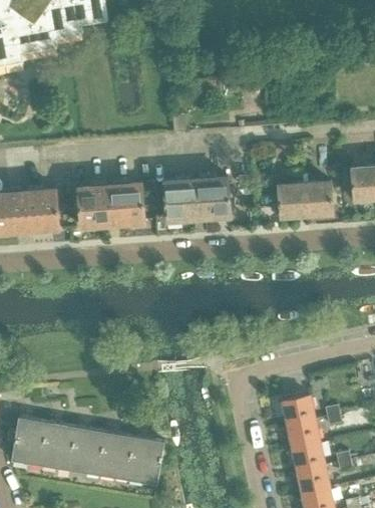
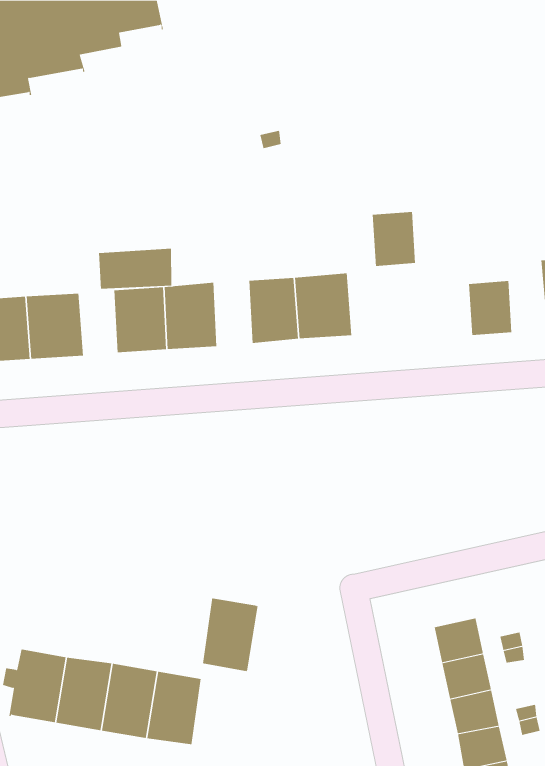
building: none -> [98,248,172,289]
building: [278,183,306,218] -> [372,211,416,266]
building: [127,436,163,484] -> [202,598,259,673]

